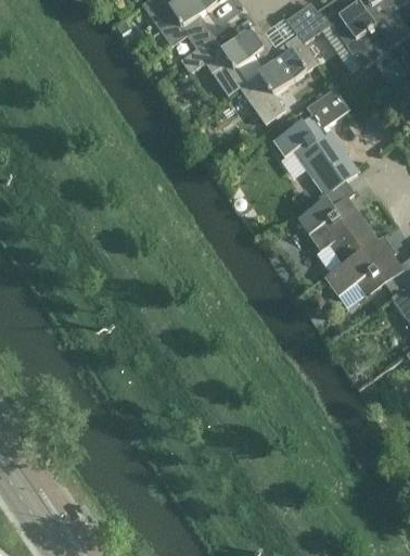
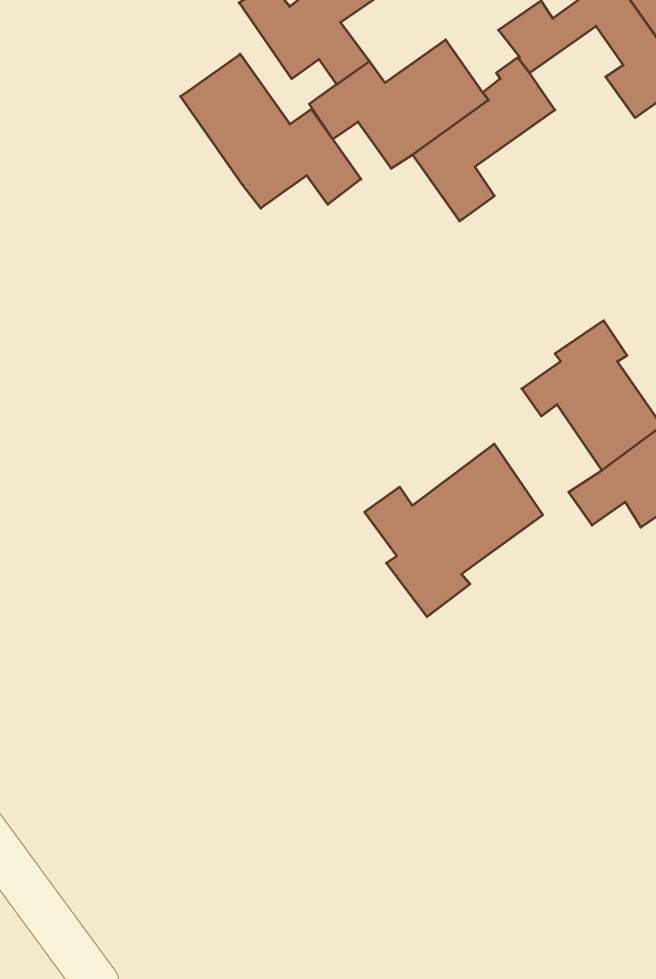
building: none -> [180,54,361,208]
building: [273,86,358,193] -> none
building: none -> [365,444,543,617]

